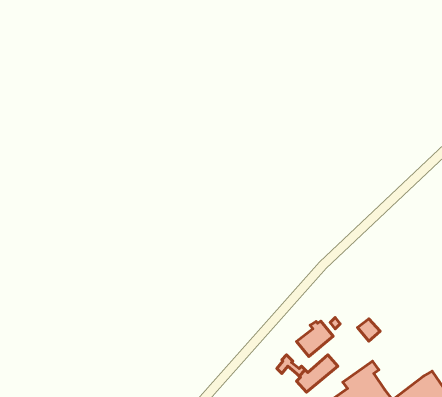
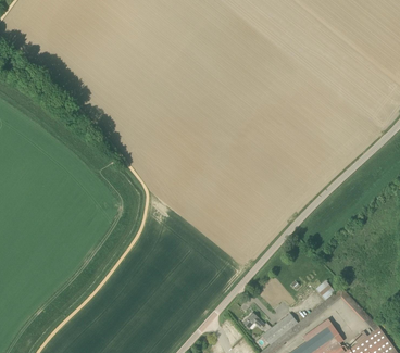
building: [297,321,333,356] -> none

